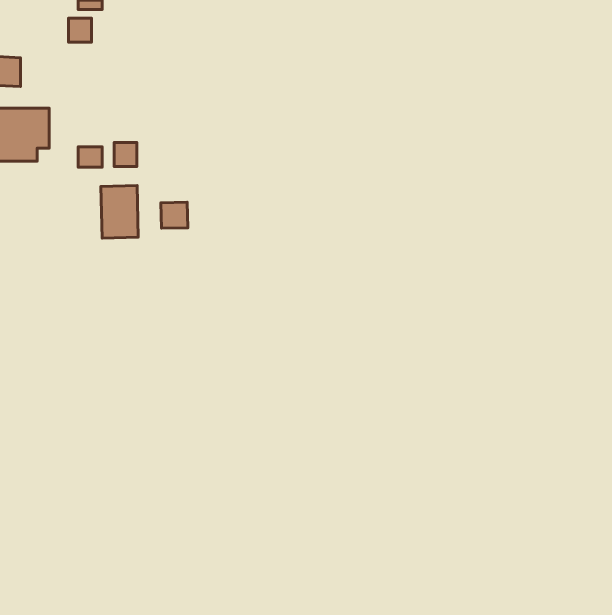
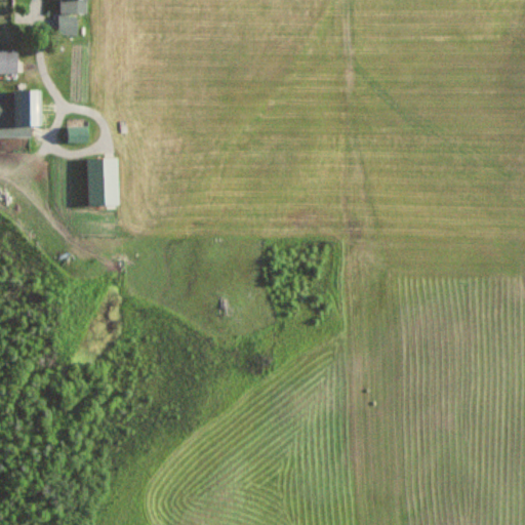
building: [114,142,137,167] -> none
building: [161,202,188,228] -> none

